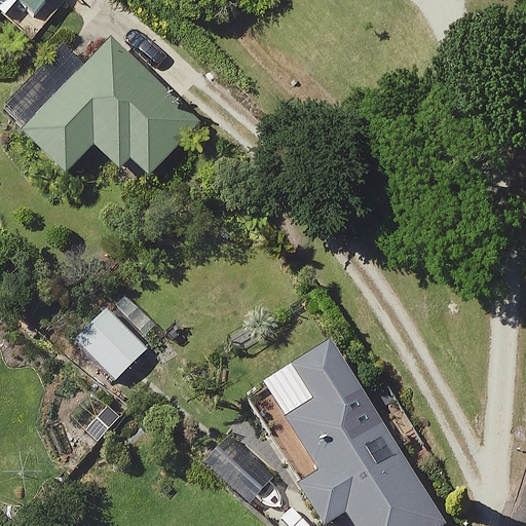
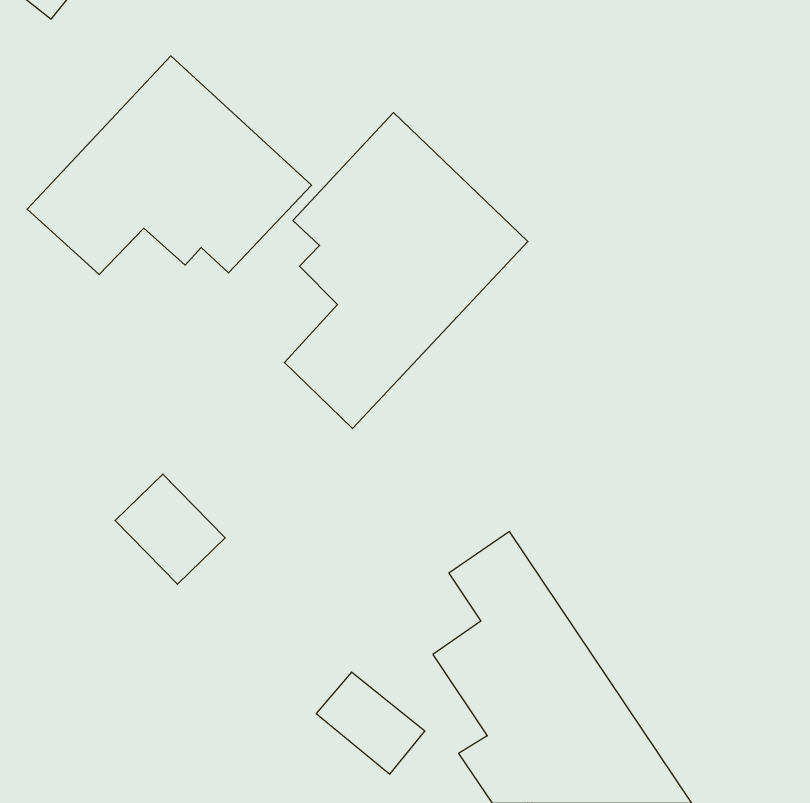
building: none -> [284,113,528,429]

